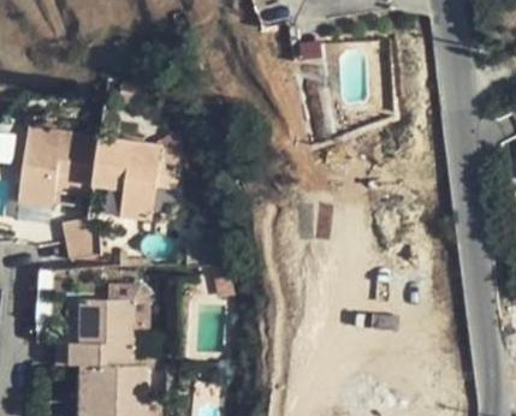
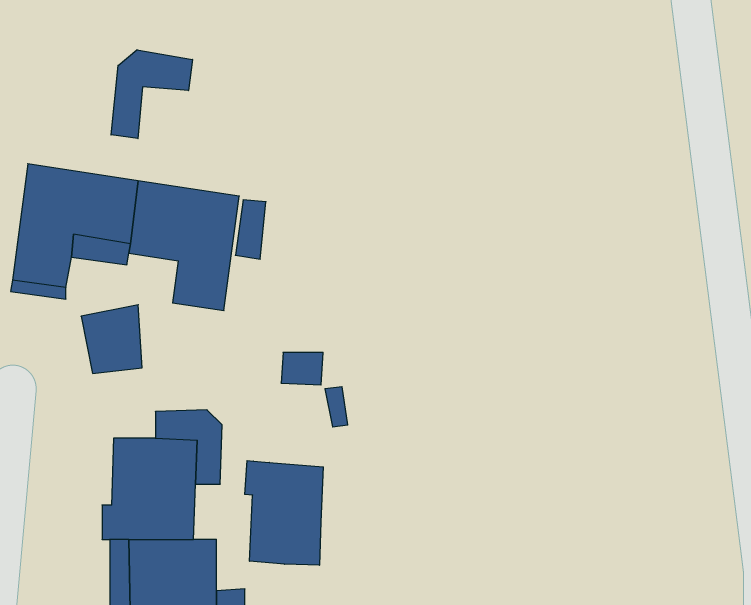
building: none -> [111,50,192,139]
building: none -> [245,461,323,565]

